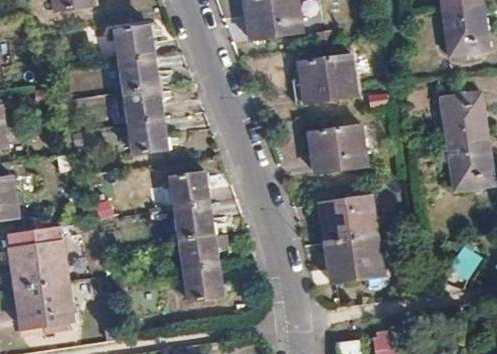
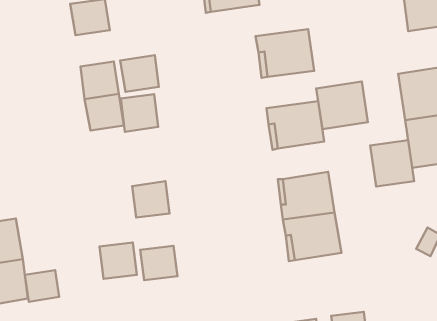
building: [120,55,158,91] -> [120,55,159,92]
building: none -> [316,82,368,129]
building: none -> [370,140,414,187]
building: [172,172,209,209] -> [121,94,158,132]
building: [180,236,217,272] -> [99,242,137,279]
building: none -> [25,270,59,302]

